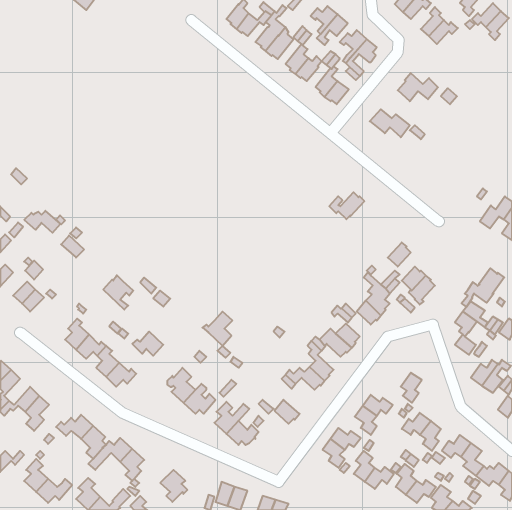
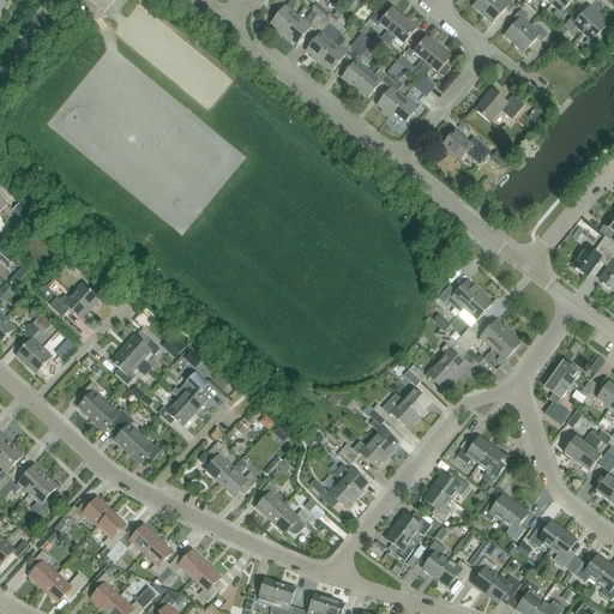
building: [329,192,364,219] -> [439,279,481,312]
building: [24,211,60,233] -> [48,293,91,319]
building: [462,268,504,307] -> none
building: none -> [112,347,149,384]
building: [202,312,232,346] -> [171,372,207,413]
building: none -> [457,437,492,463]
building: none -> [333,464,368,495]
building: none -> [168,549,207,578]

